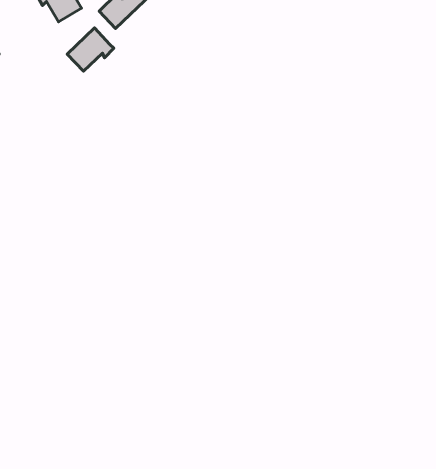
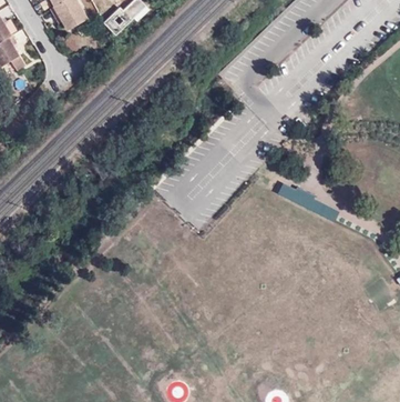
building: [67,28,114,71] -> none

